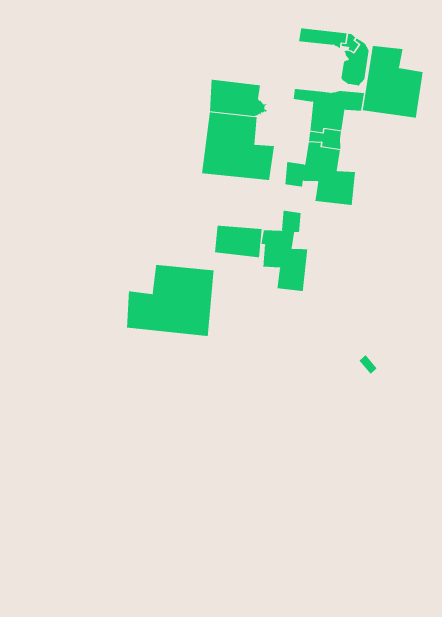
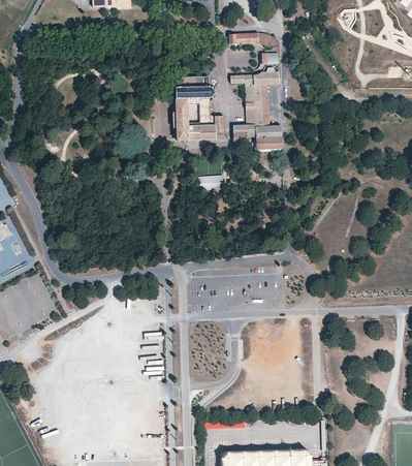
building: [362,45,423,119] -> none
building: [261,210,308,292] -> none
building: [126,264,214,337] -> none

